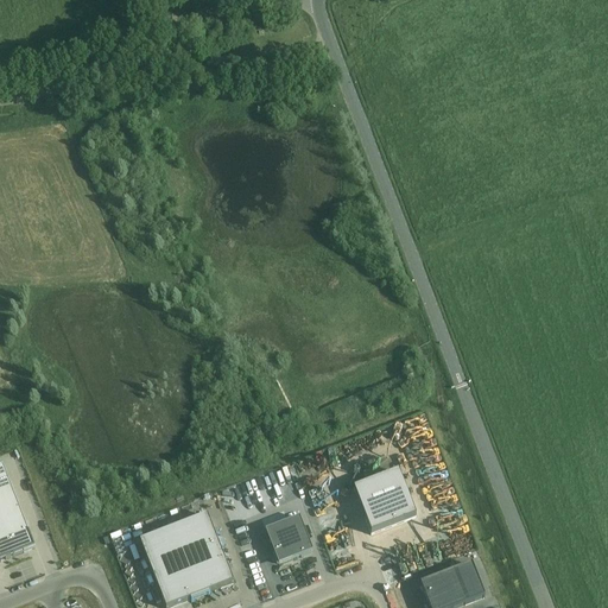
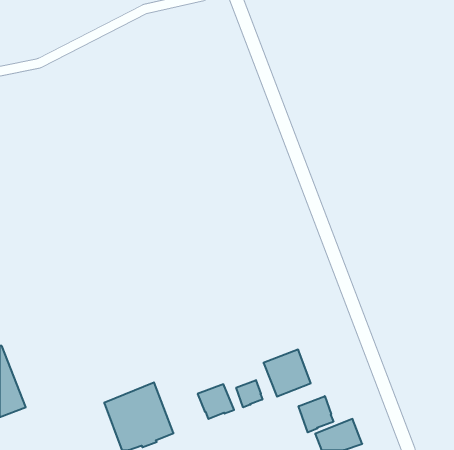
building: none -> [236,380,262,407]
building: none -> [299,396,333,432]

